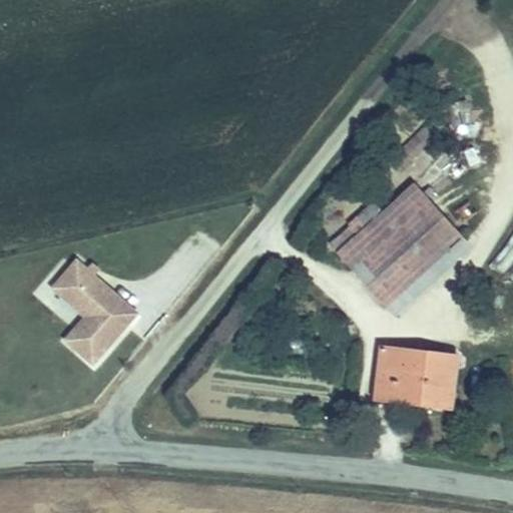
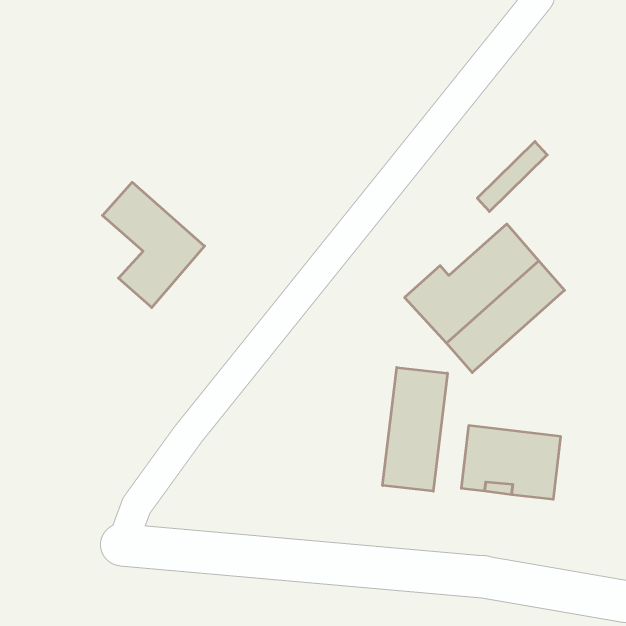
building: [52,261,135,363] -> [102,182,205,308]
building: none -> [383,367,447,491]

